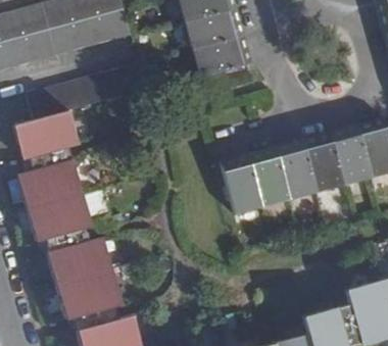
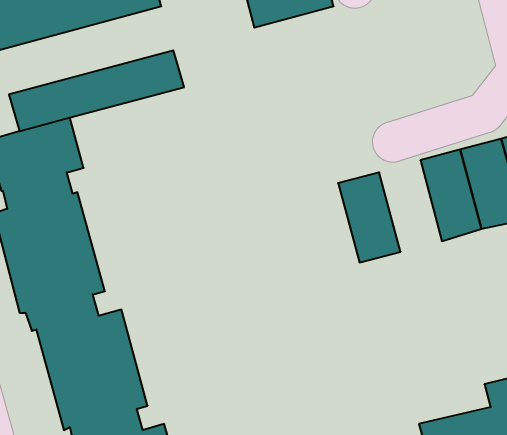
building: [193,36,253,78] -> none
building: [277,139,319,200] -> none
building: [222,154,263,215] -> none

